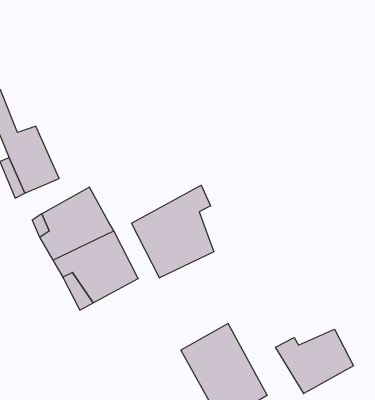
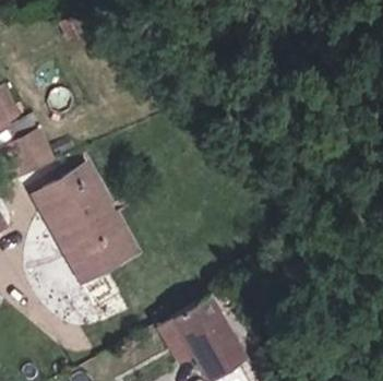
building: [132,185,214,278] -> none
building: [276,329,354,394] -> none

